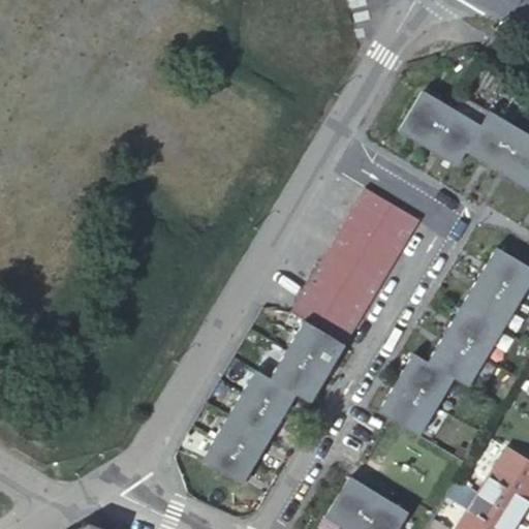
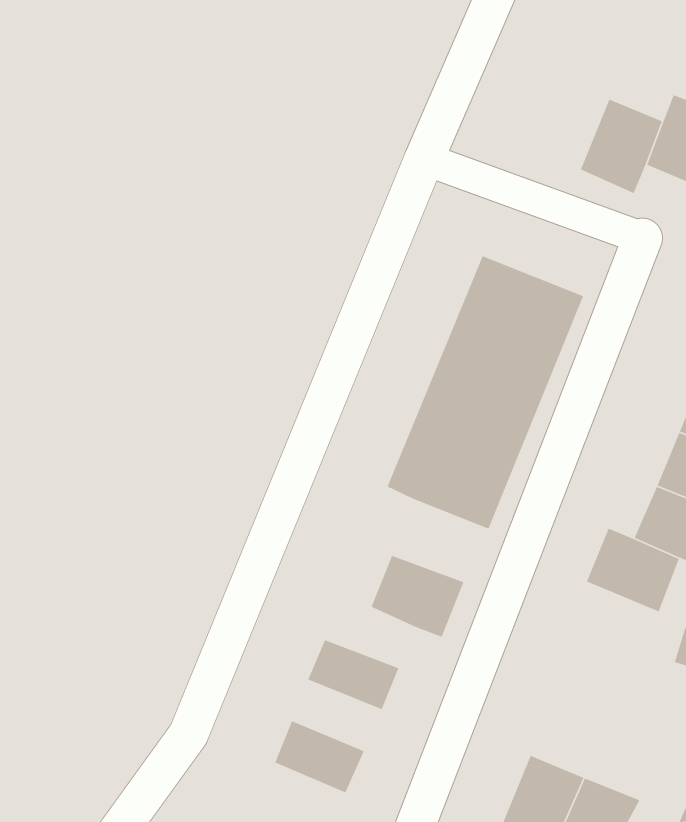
building: [400,91,452,147] -> none
building: [288,320,344,372] -> none
building: [243,369,295,415] -> none
building: [380,382,436,435] -> none
building: [217,414,270,460] -> none

